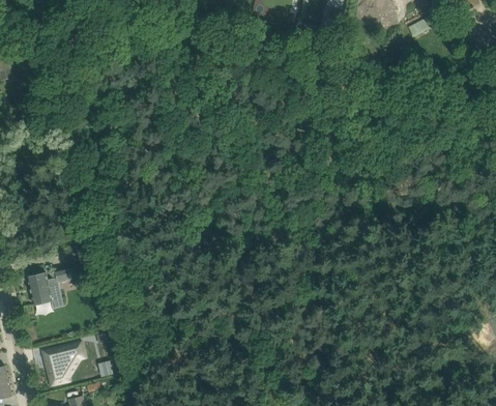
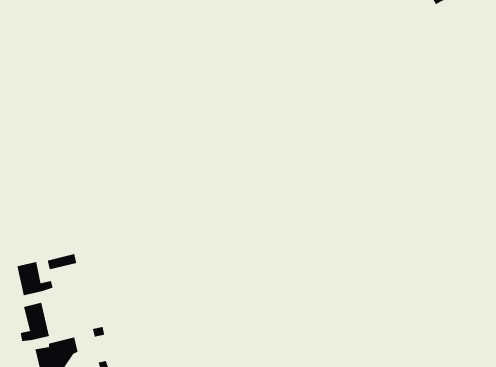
building: none -> [20,302,50,342]

